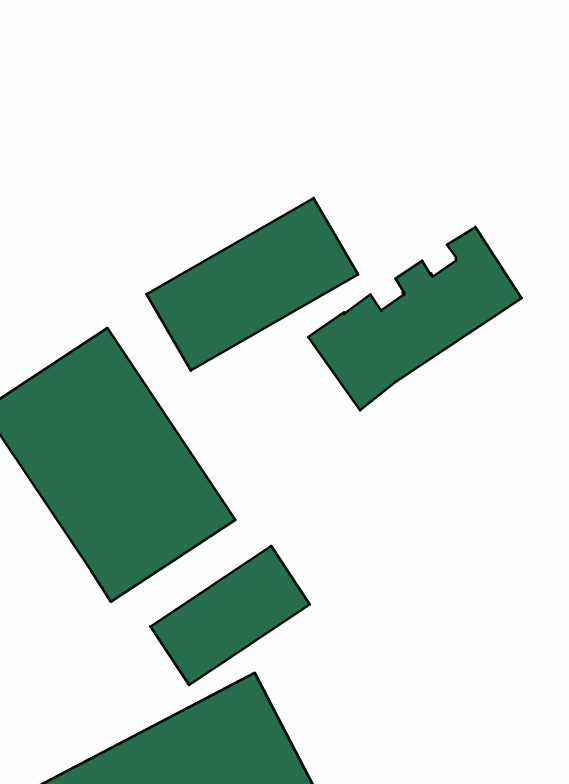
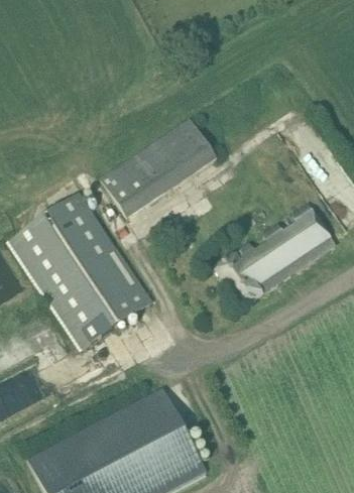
building: [308,227,522,410] -> [213,205,334,309]
building: [150,546,310,685] -> none

